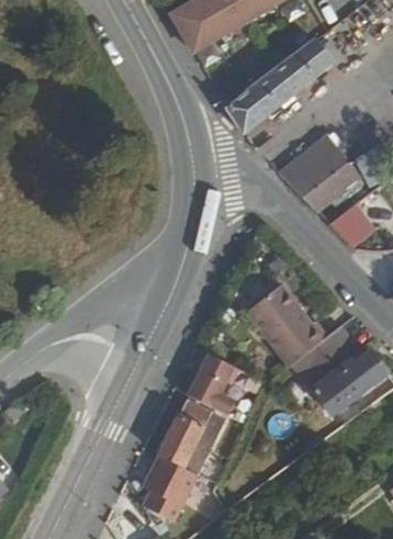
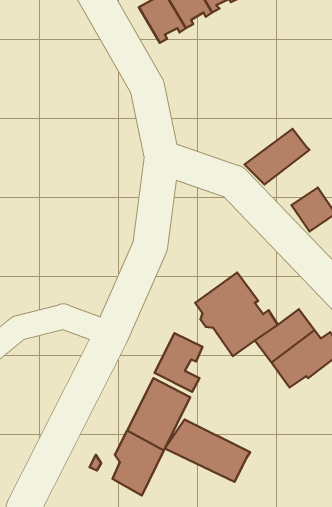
building: [226,38,336,133] -> none
building: [302,160,363,212] -> none
building: none -> [165,419,250,482]

